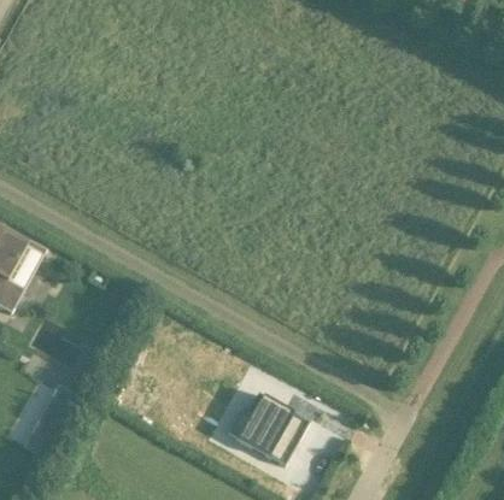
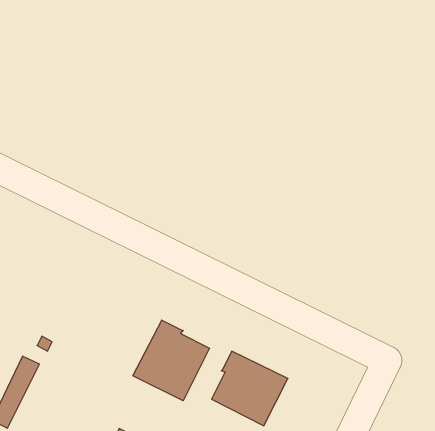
building: none -> [133,320,210,401]

